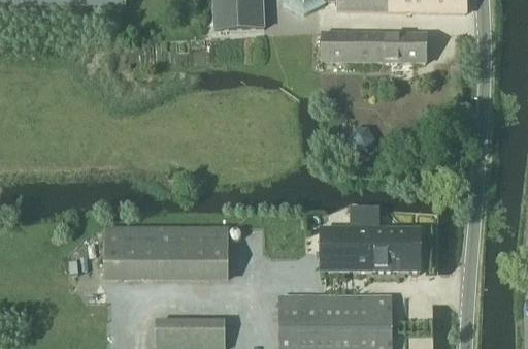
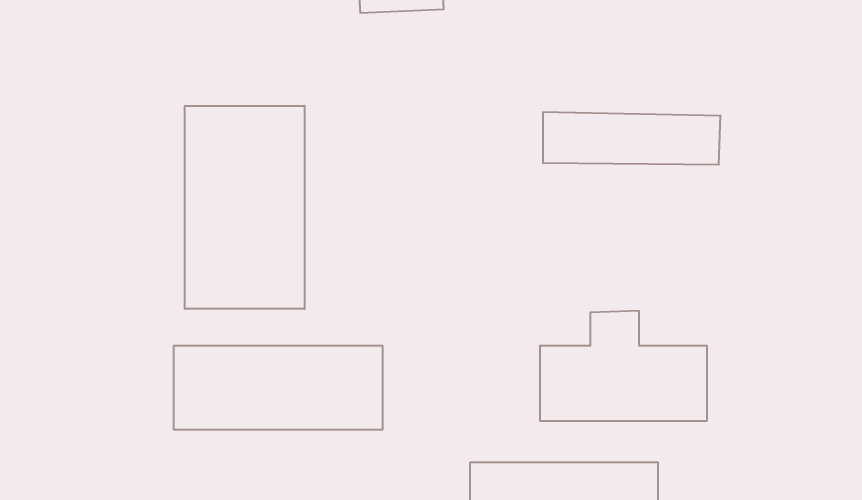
building: [321,30,426,61] -> [543,112,721,165]
building: none -> [185,106,305,309]

